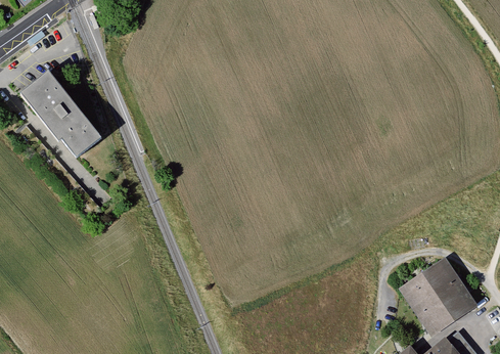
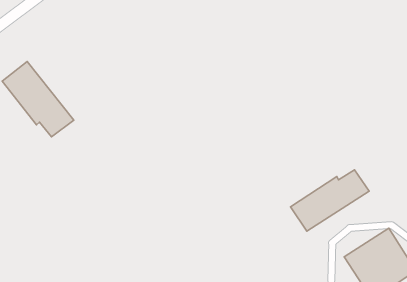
building: none -> [291,170,369,231]

